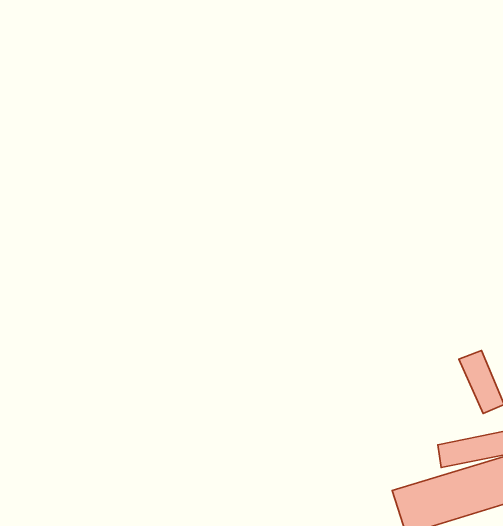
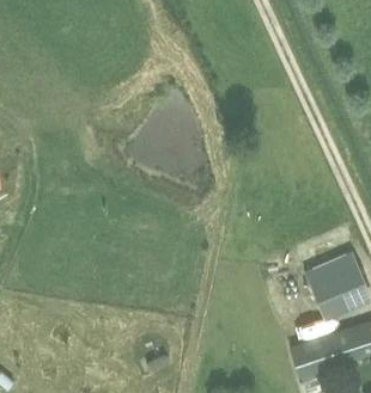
building: none -> [305,258,352,309]

